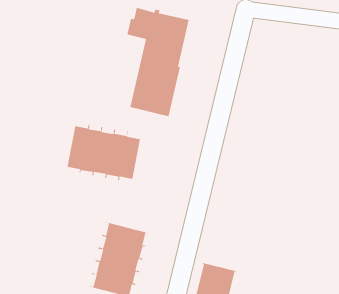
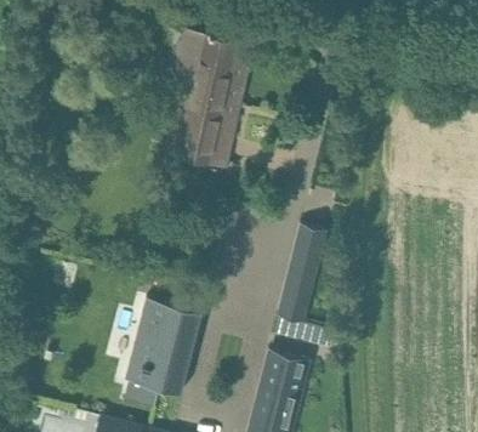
building: [66,121,142,184] -> none
building: none -> [272,223,328,342]

